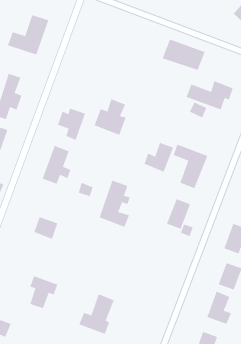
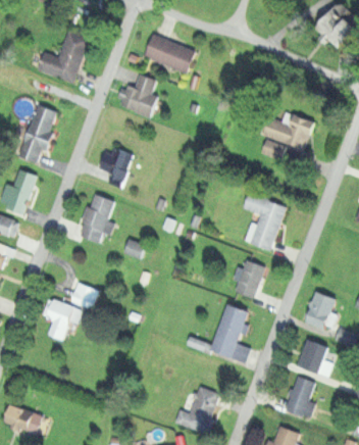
building: [162,39,205,71] -> [145,33,199,72]
building: [94,99,127,135] -> [118,73,159,119]
building: [144,142,174,172] -> none
building: [99,180,131,227] -> [210,304,250,363]
building: [29,275,58,309] -> [47,299,83,341]
building: [79,293,115,334] -> [174,386,219,437]

